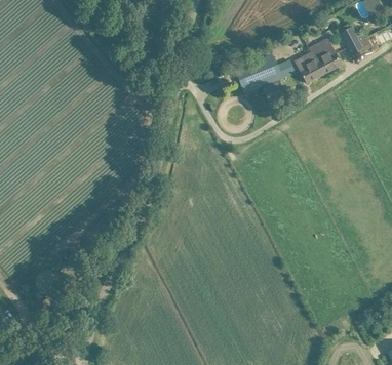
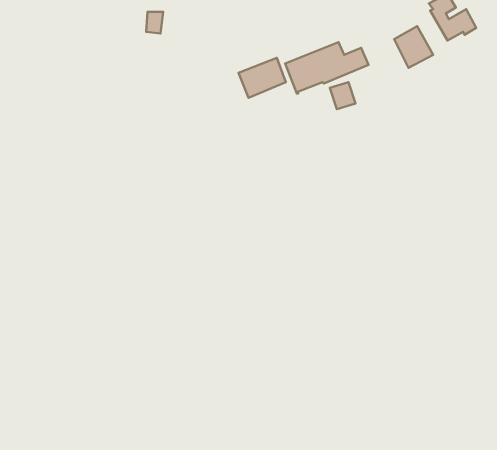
building: [298,51,323,82] -> none
building: none -> [238,58,286,98]

